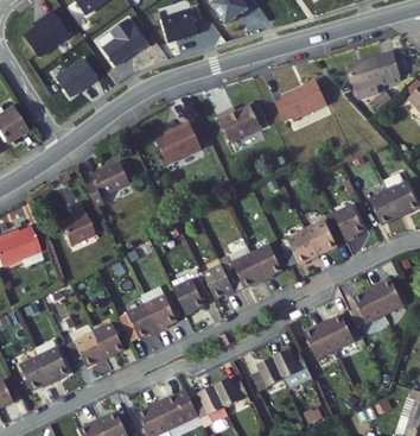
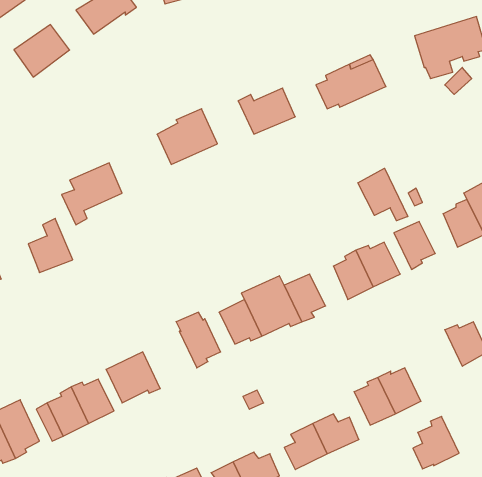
building: none -> [358,168,408,221]
building: [144,285,179,330] -> none
building: [351,286,386,326] -> [413,416,459,469]

